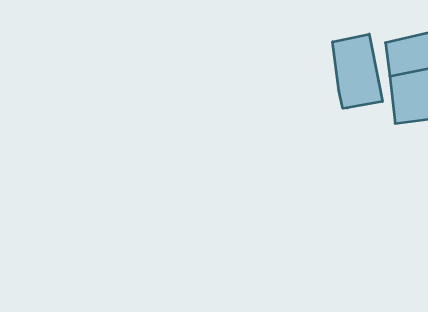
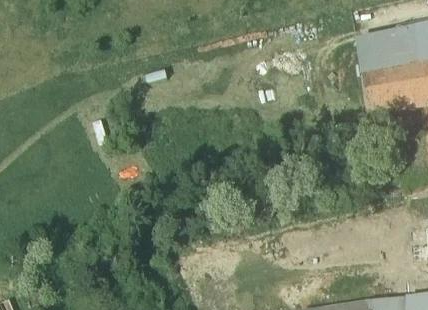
building: [333,34,382,108] -> none

